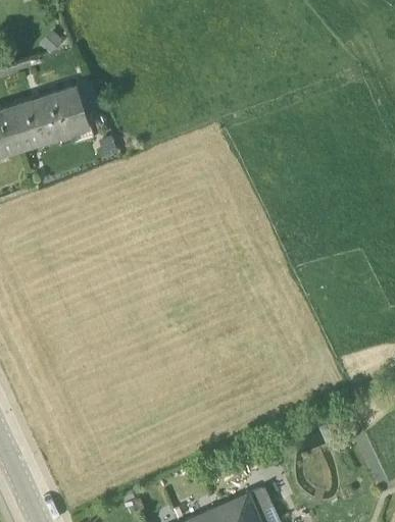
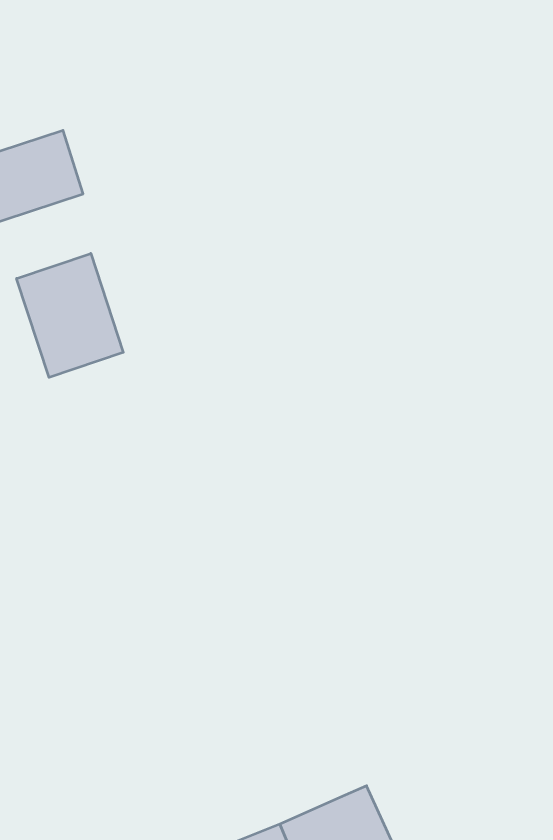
building: none -> [17,253,123,377]

